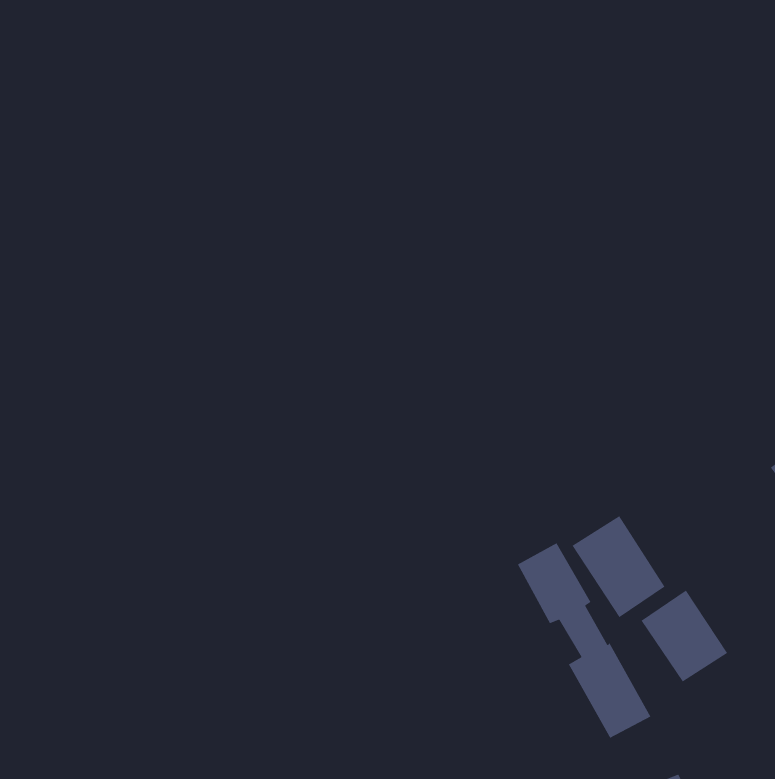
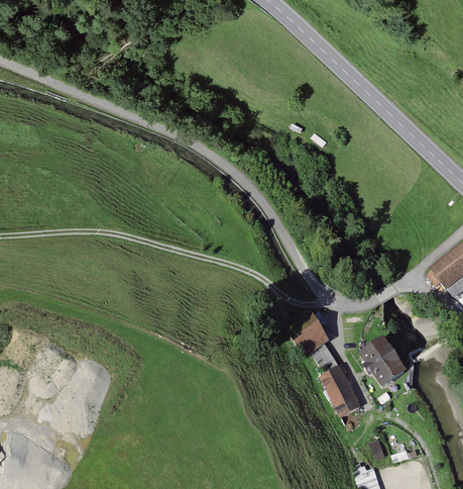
building: [571,515,666,618] -> none

